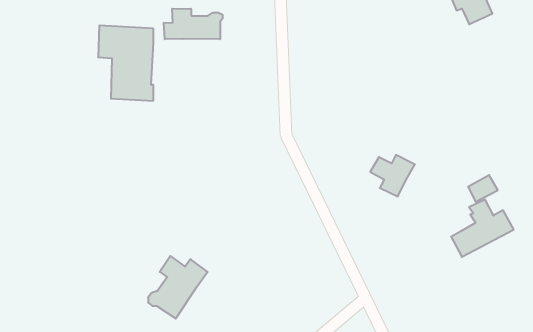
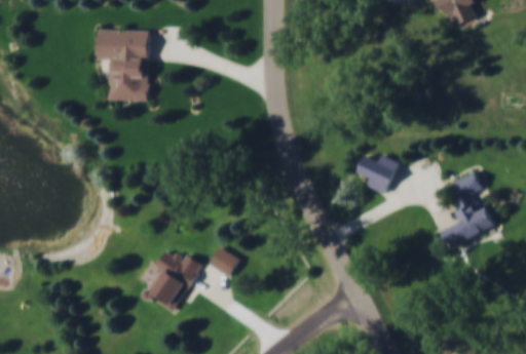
building: [164,9,223,39] -> none
building: none -> [209,247,239,276]

